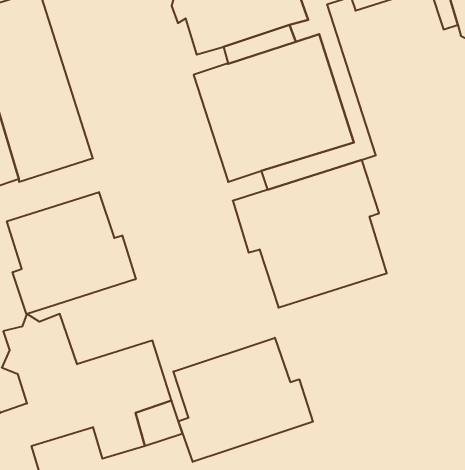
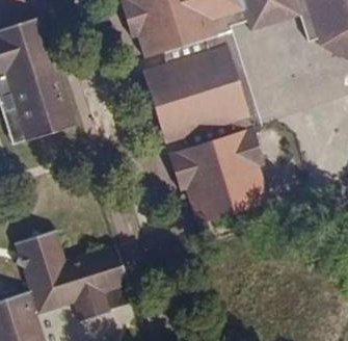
building: [7,192,136,314] -> none
building: [173,338,313,462] -> none

